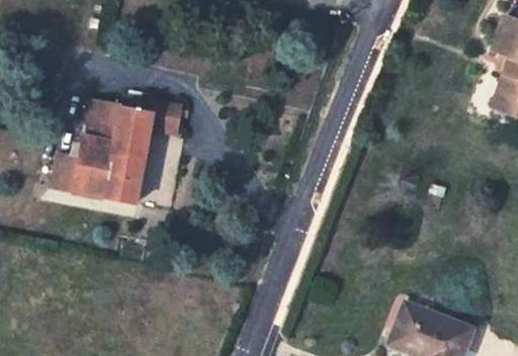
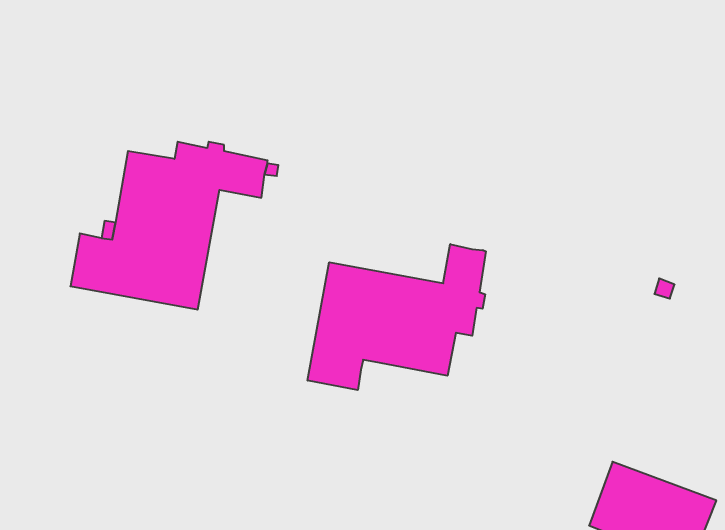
building: none -> [308,244,486,390]

